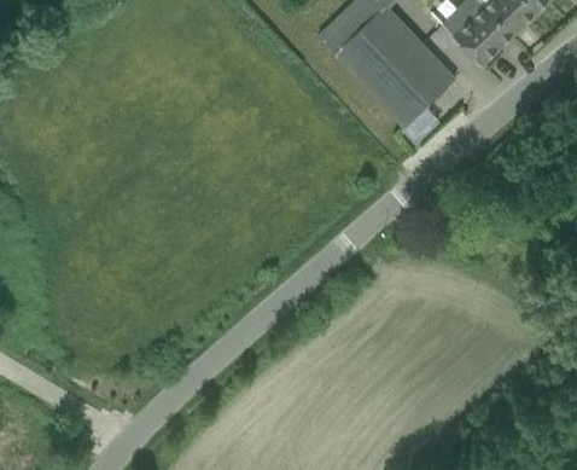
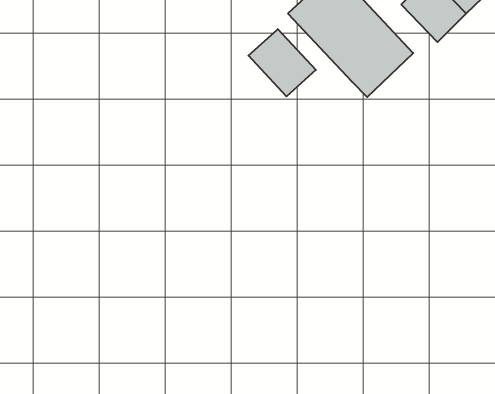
building: none -> [248,29,316,96]

